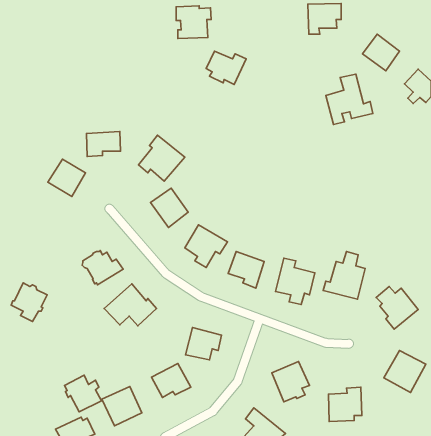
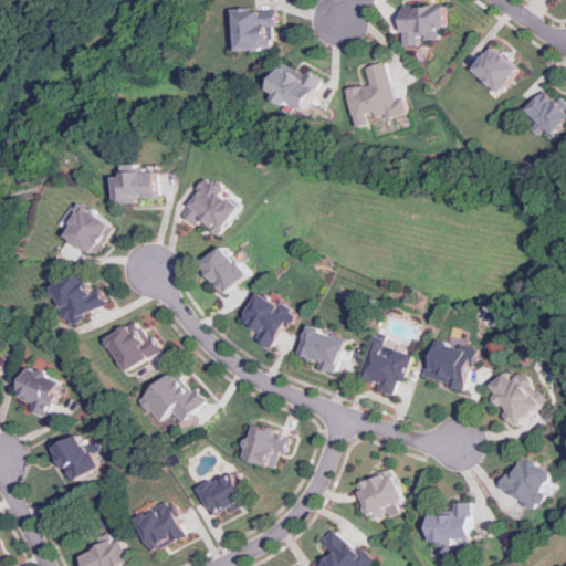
building: [326,74,373,125] -> [343,62,403,127]
building: none -> [54,273,106,325]
building: [65,375,101,412] -> [52,434,99,482]

